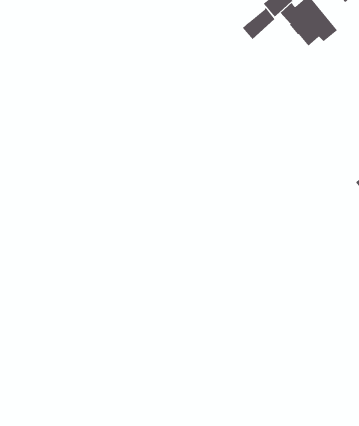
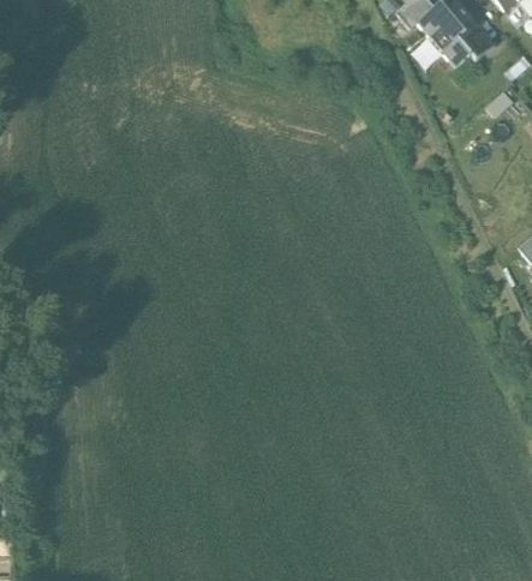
building: [242,7,275,40] -> none

